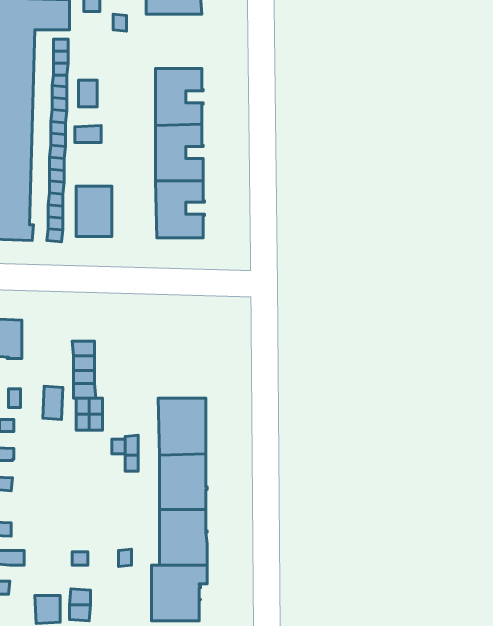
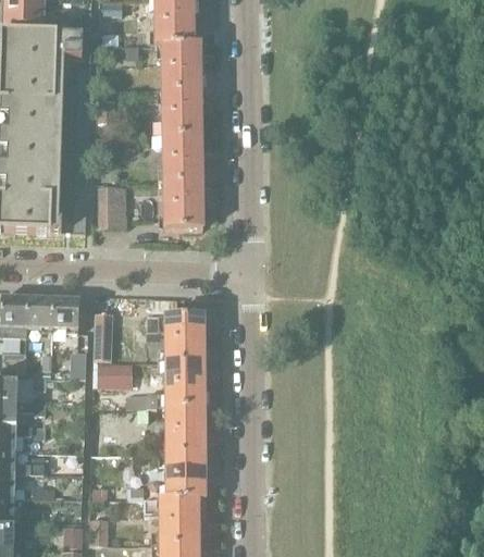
building: none -> [163,46,202,90]
building: none -> [53,297,80,333]
building: none -> [147,314,204,361]

